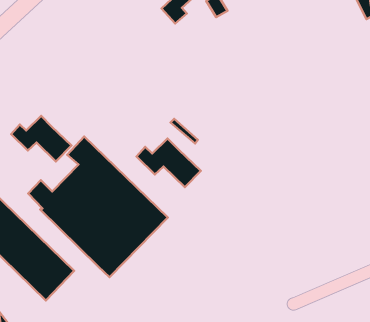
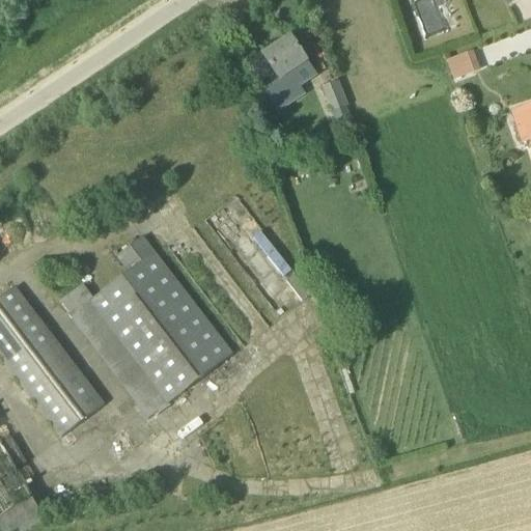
building: [11,116,71,161] -> none
building: [136,139,201,187] -> none

